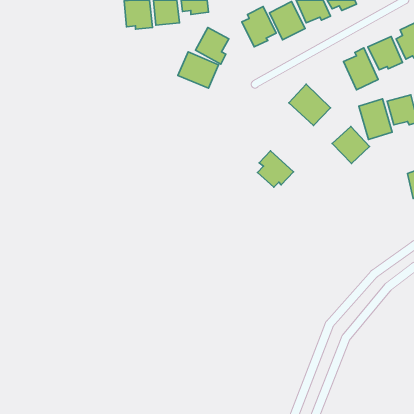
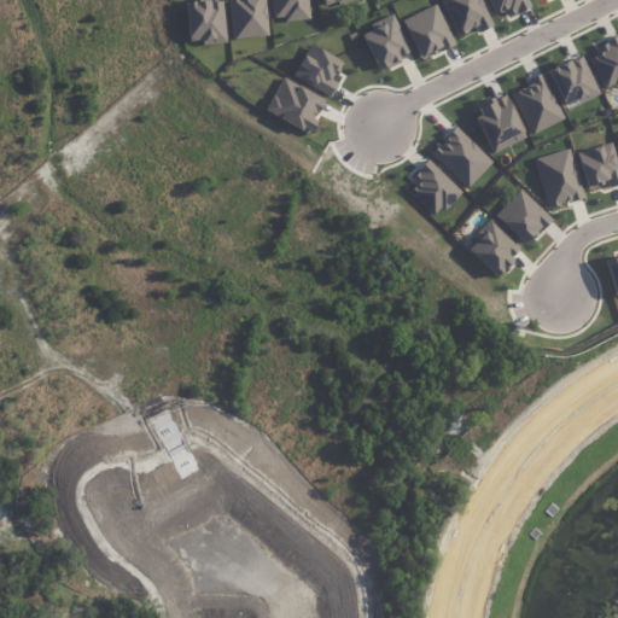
building: none -> [477,92,526,152]
building: none -> [466,220,523,275]
building: [258,151,293,187] -> [409,159,462,214]

